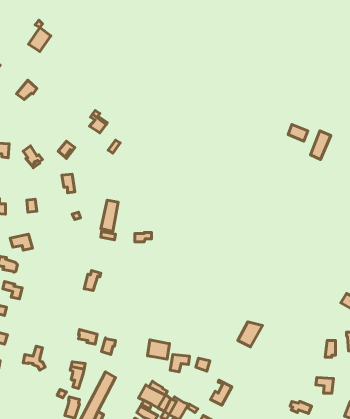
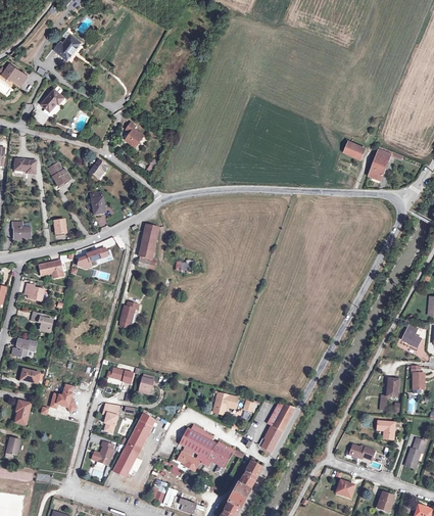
building: none -> [75,245,107,269]
building: [238,322,263,347] -> [268,403,295,430]
building: [147,340,170,359] -> none

